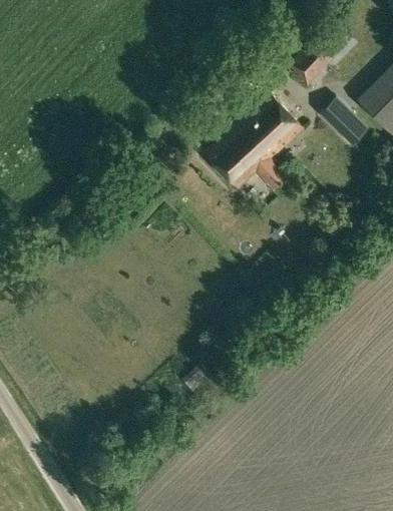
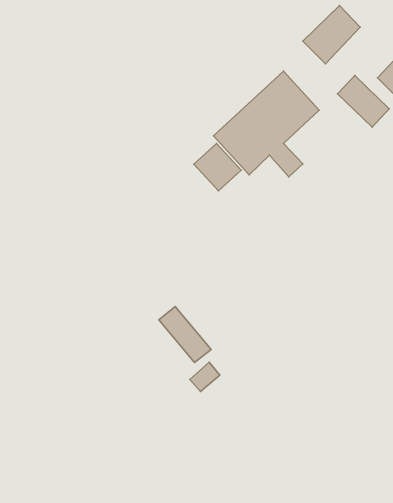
building: none -> [194,144,241,191]
building: none -> [159,307,211,363]

